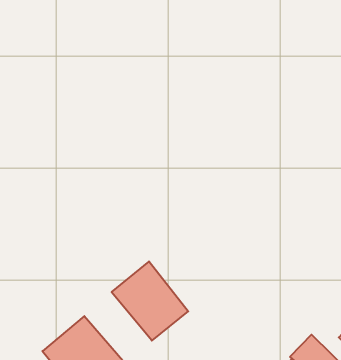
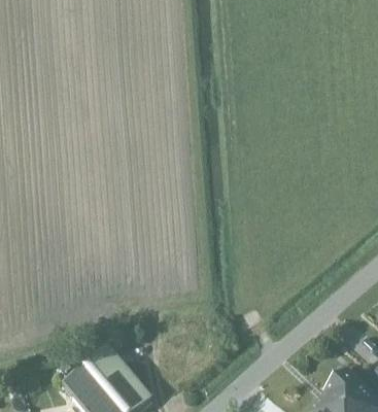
building: [112,261,188,341] -> none

